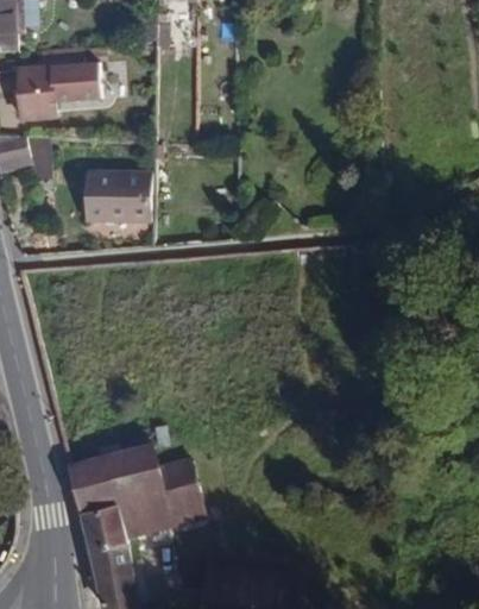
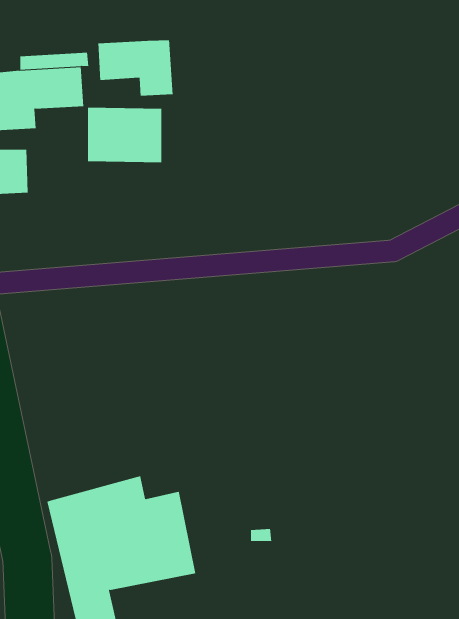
building: none -> [98,40,173,97]
building: [83,172,152,224] -> [87,107,162,163]

